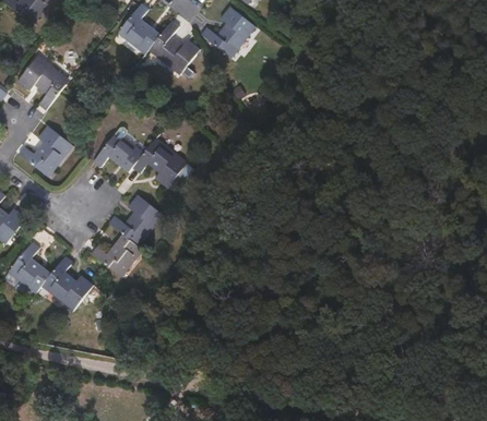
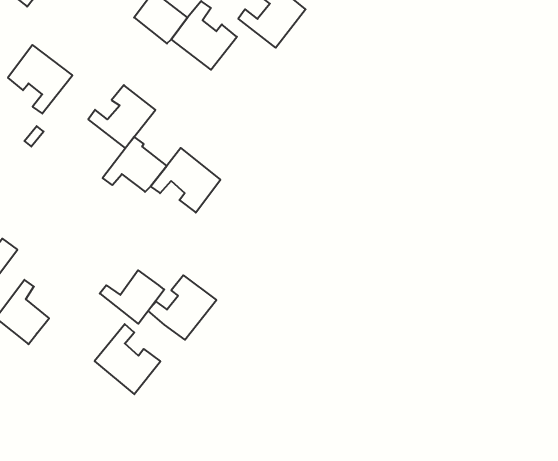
building: [19,125,72,176] -> [88,85,155,148]
building: [108,194,163,245] -> [148,275,216,340]
building: [40,254,93,310] -> [95,324,160,394]

